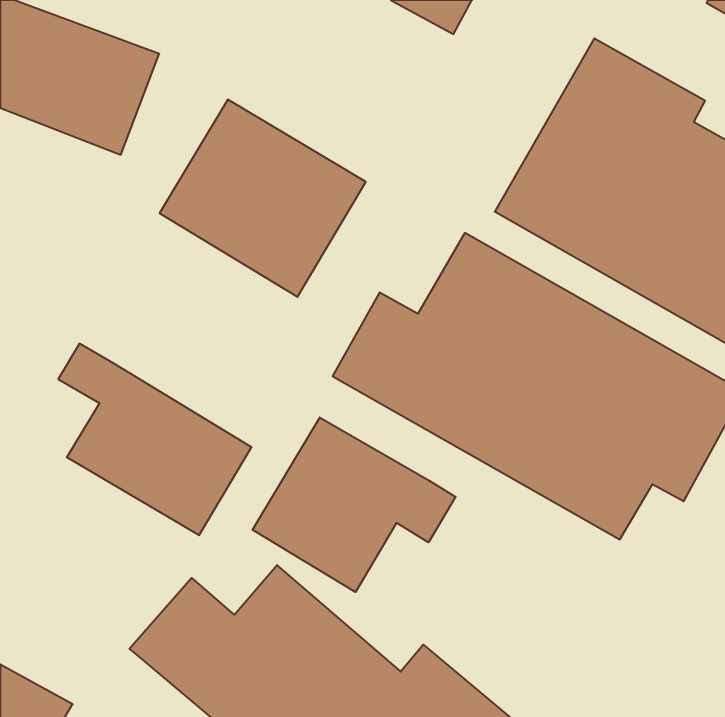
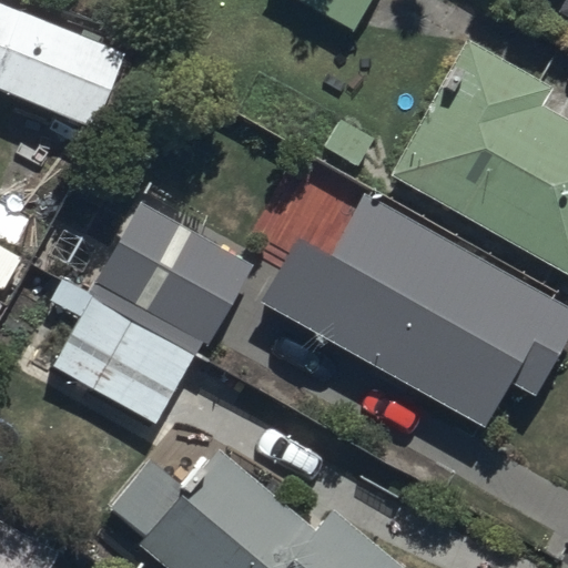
building: [160,100,366,297] -> [90,202,251,356]
building: [253,417,456,592] -> none

